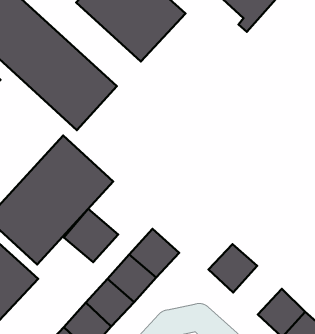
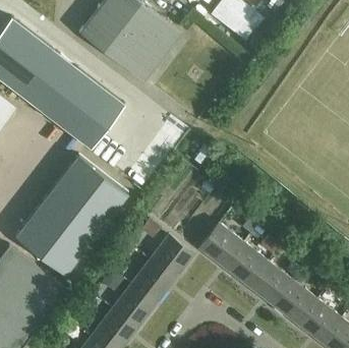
building: [64,209,118,262] -> none
building: none -> [197,223,243,268]
building: none -> [247,260,292,305]

